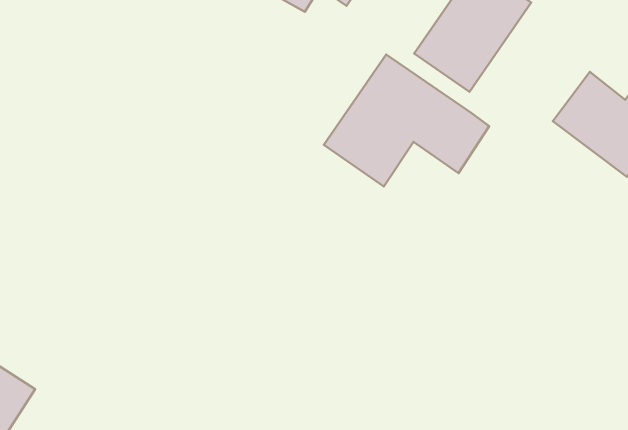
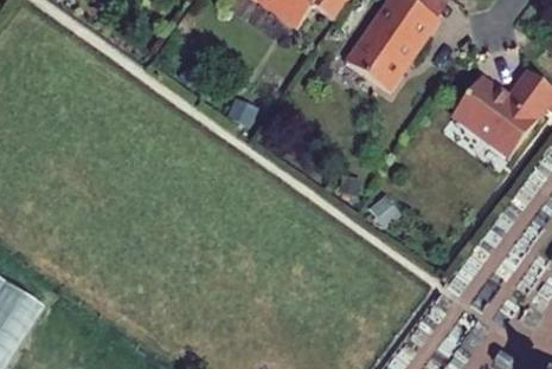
building: [324,55,489,187] -> none

